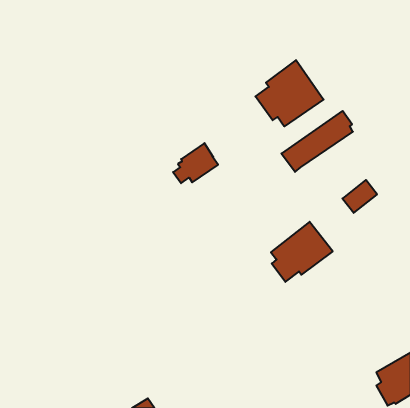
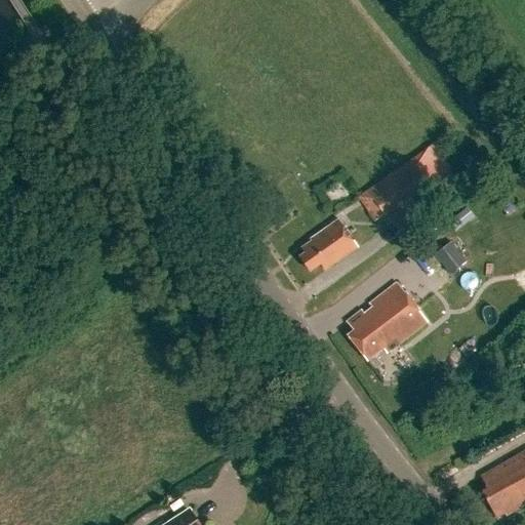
building: [255,60,324,126] -> none
building: [173,143,218,183] -> [299,218,357,270]

